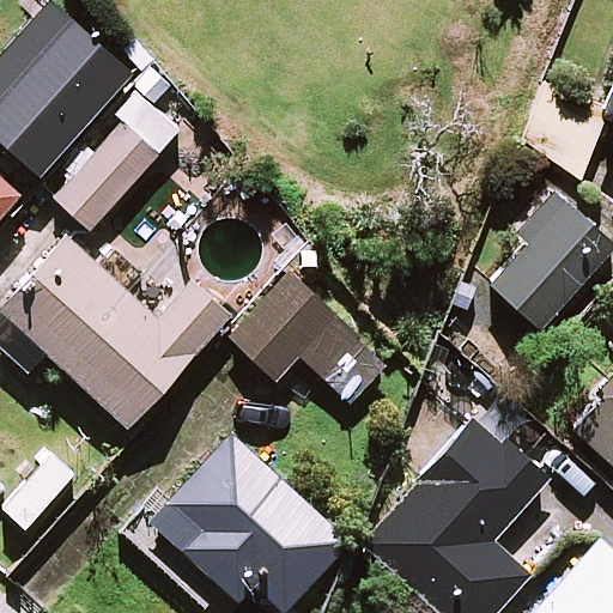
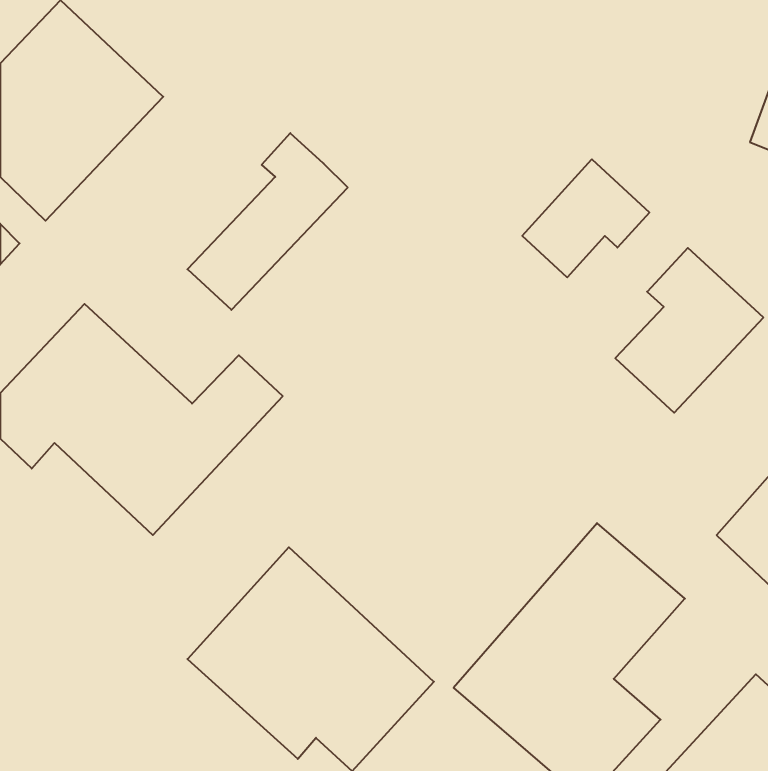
building: [55,90,182,230] -> [187,133,348,310]
building: none -> [522,159,649,277]
building: [233,277,392,403] -> none

